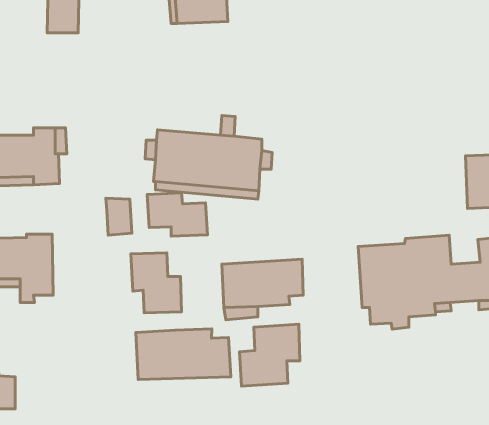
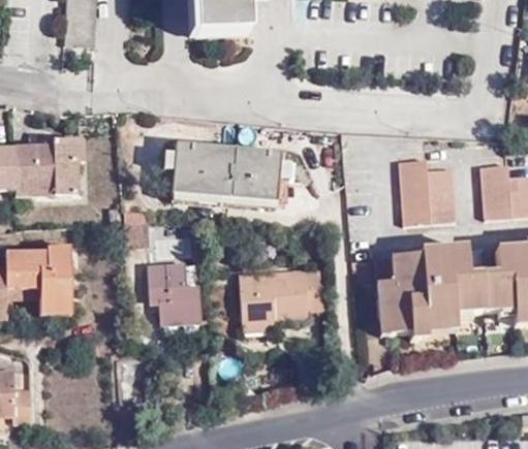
building: none -> [401,158,457,223]
building: [147,193,207,236] -> none
building: [239,324,300,386] -> none
building: [136,329,231,380] -> none

